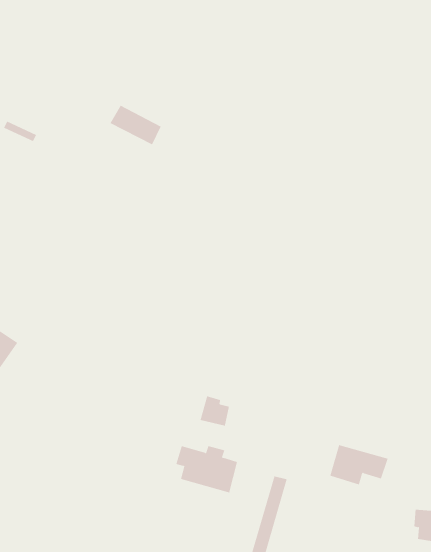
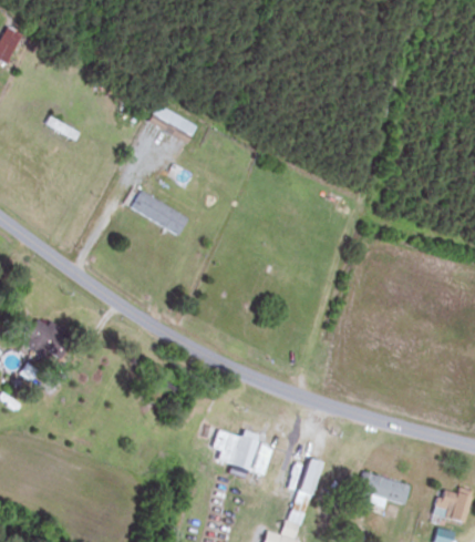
building: none -> [127,188,188,235]
building: [200,395,229,427] -> none
building: [329,445,388,485] -> [354,472,411,511]

